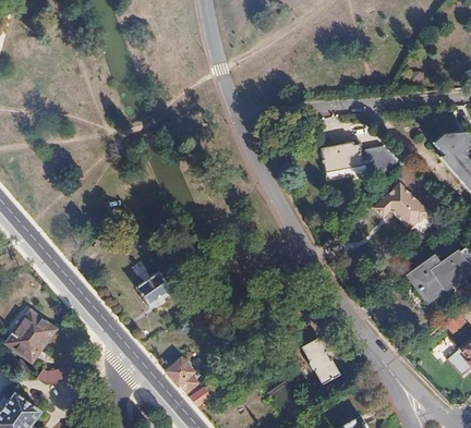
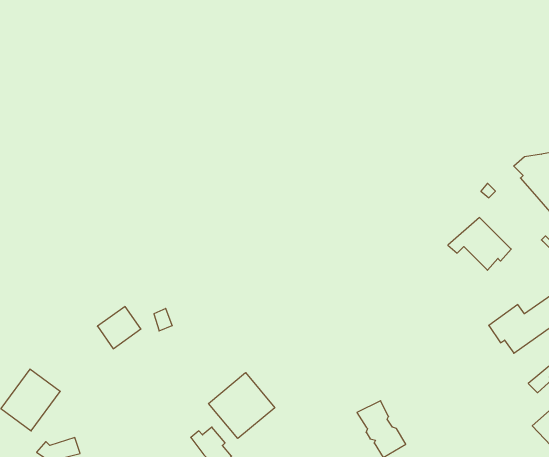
building: [322,140,395,174] -> none
building: [135,271,171,306] -> [97,307,141,349]
building: none -> [209,373,275,438]

